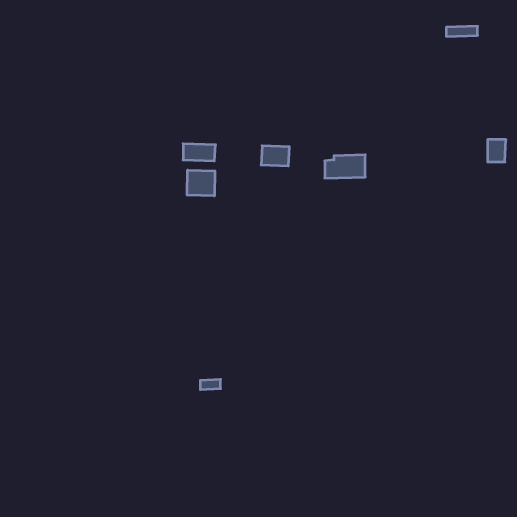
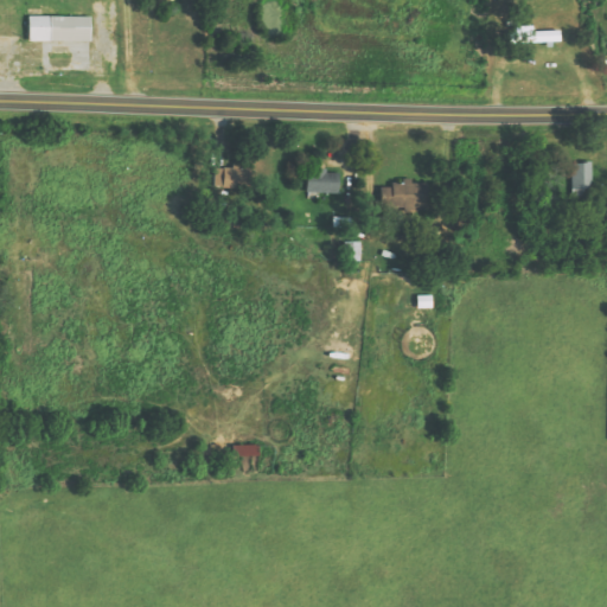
building: none -> [28,17,91,43]
building: [187,170,215,196] -> none

